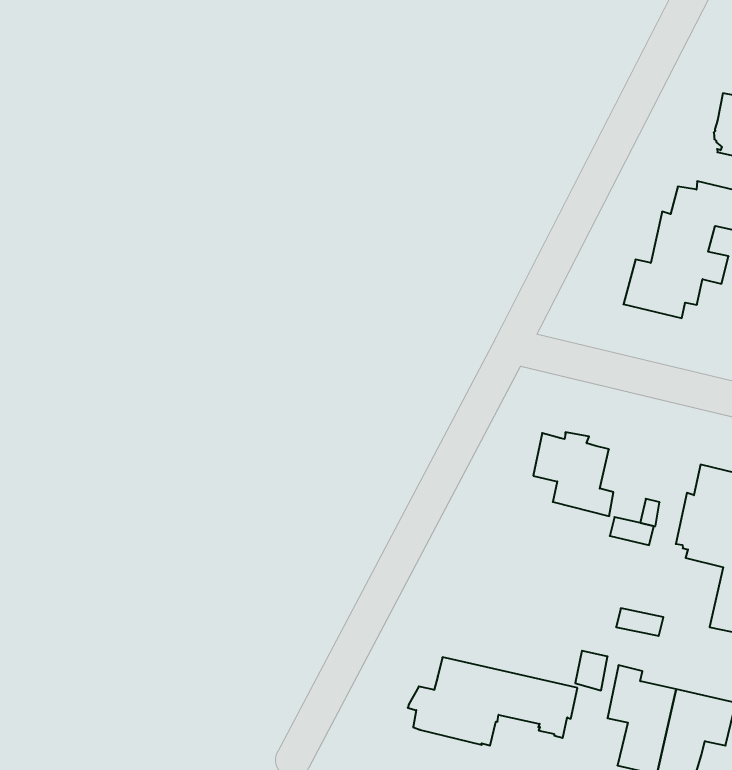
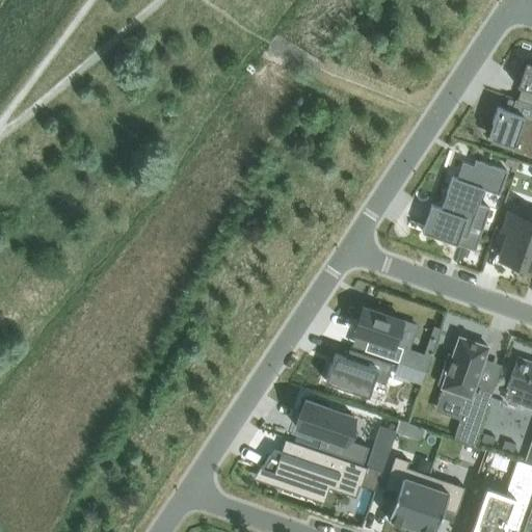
building: none -> [325,351,393,398]
building: none -> [296,402,369,466]

